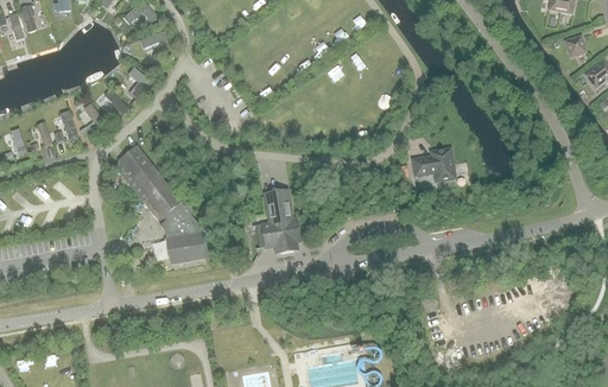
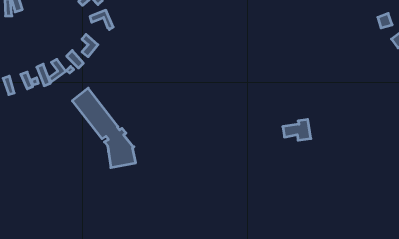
building: [412,148,454,179] -> [283,119,311,140]
building: [251,189,302,253] -> none

